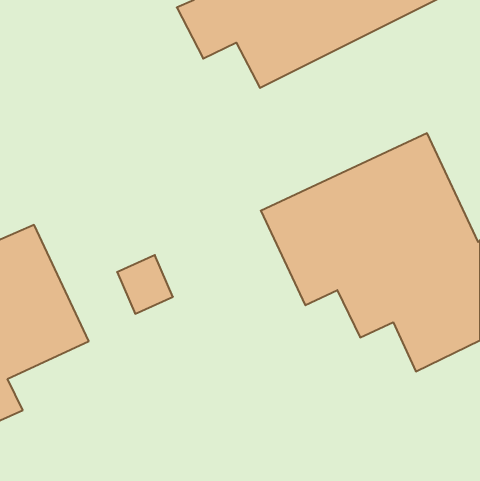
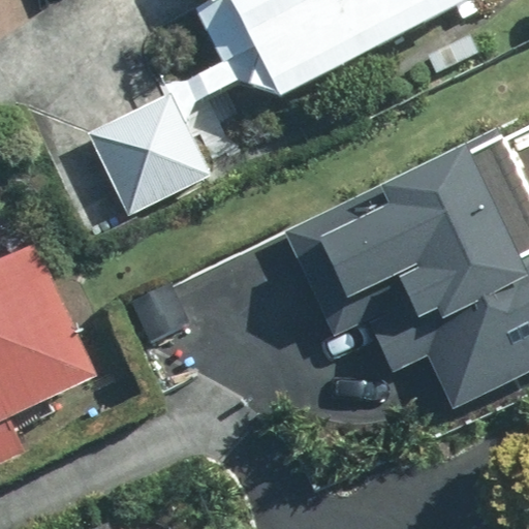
building: none -> [99,92,210,206]

